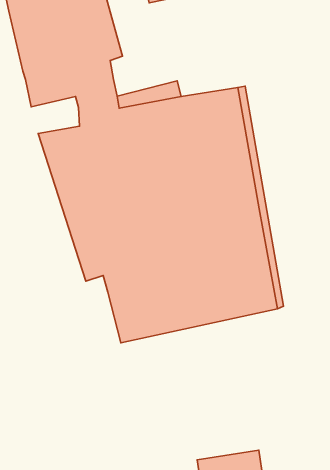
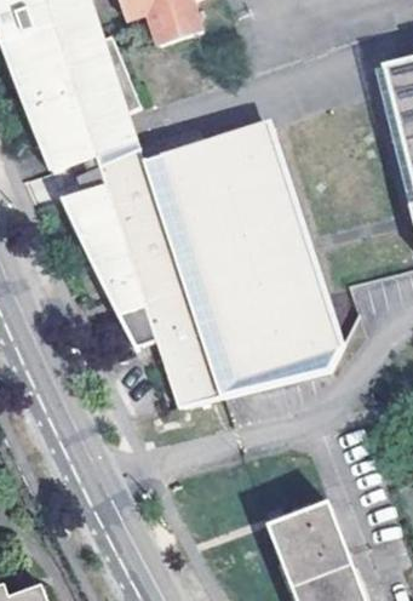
building: none -> [48,155,102,199]

